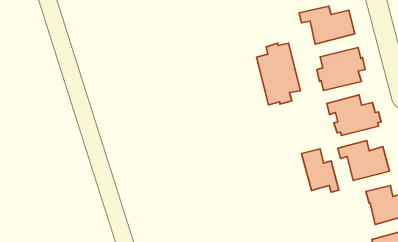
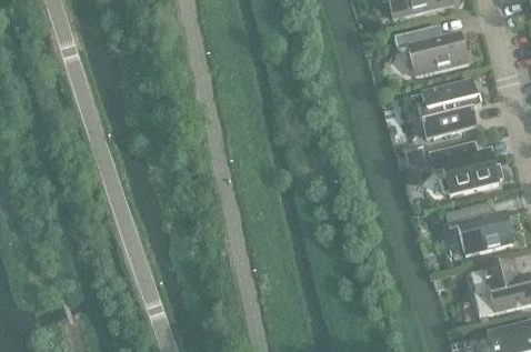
building: [257,43,300,105] -> none
building: [302,149,339,192] -> none

